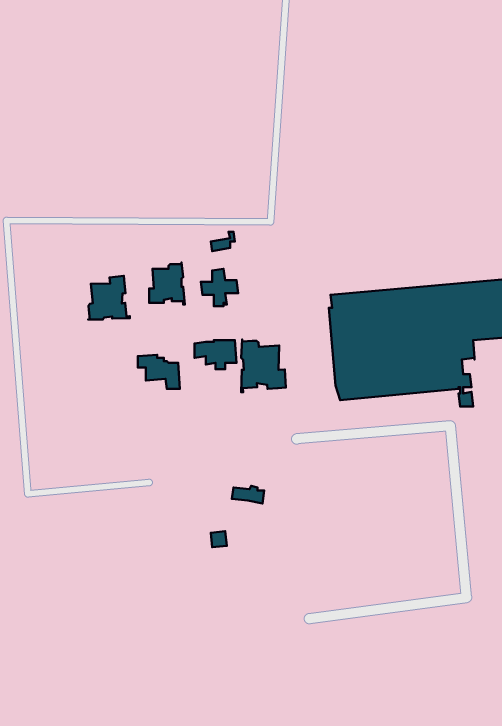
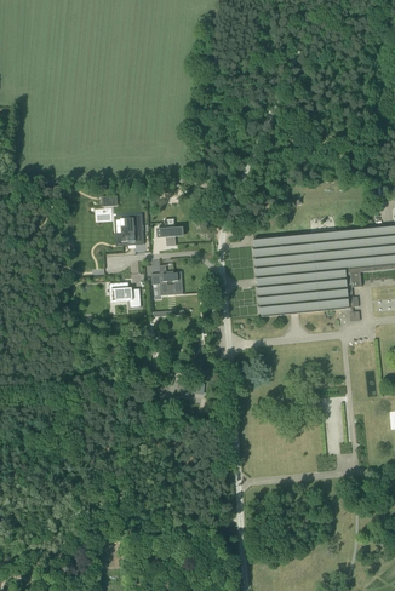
building: [88,276,130,320] -> none
building: [241,340,286,392] -> none

